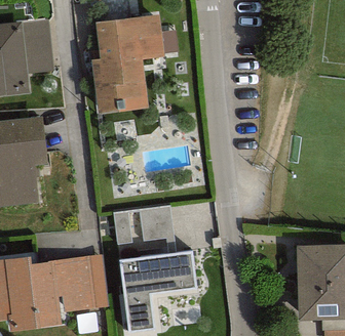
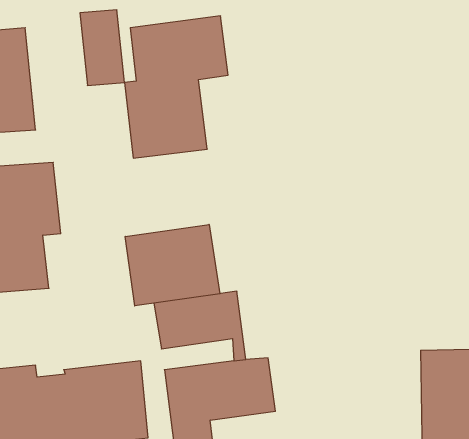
building: [22,20,52,73] -> [80,10,124,85]
building: none -> [125,224,220,306]

